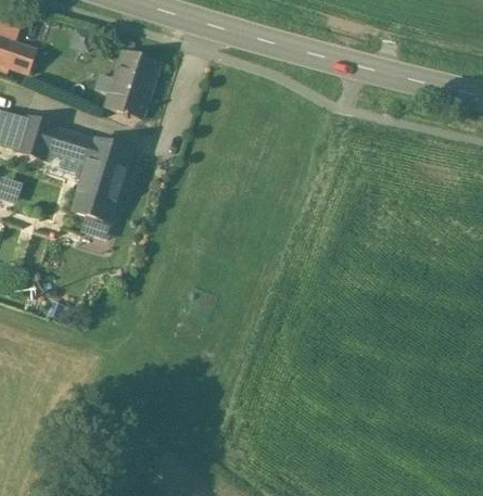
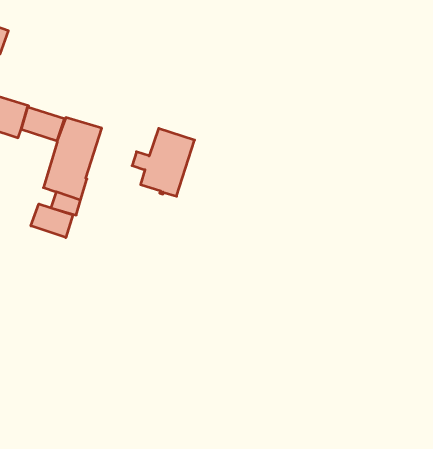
building: [96,49,160,118] -> [132,128,195,196]
building: none -> [31,204,73,238]

